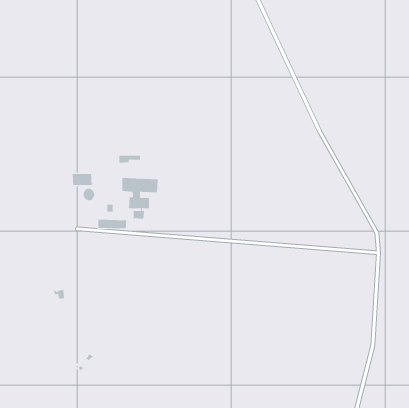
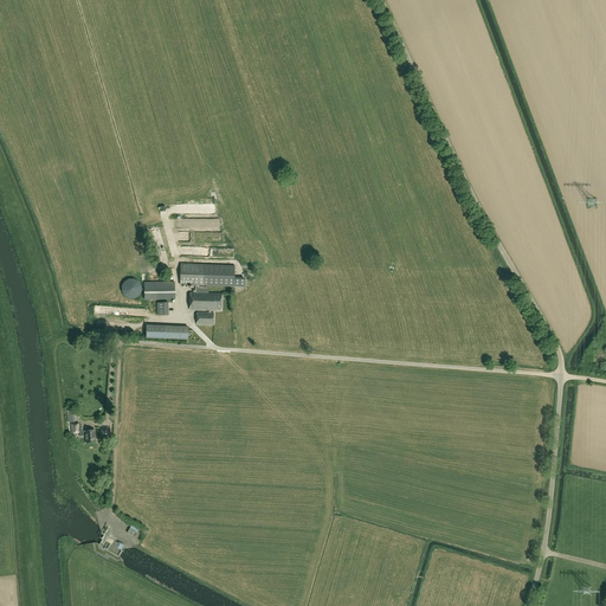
building: [72,174,92,186] -> [144,281,175,298]

